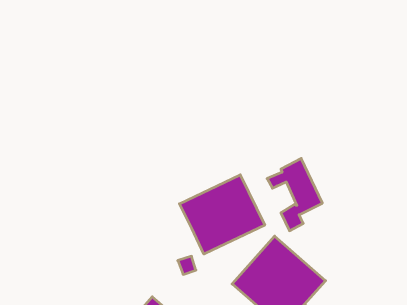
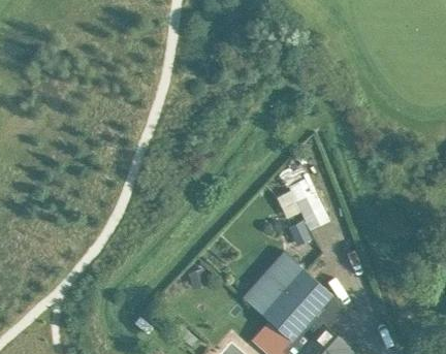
building: [179,175,265,254] -> none

